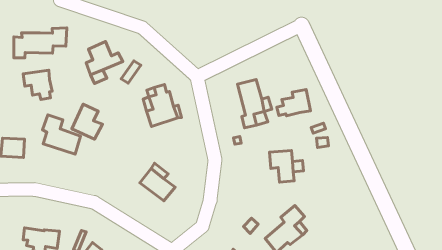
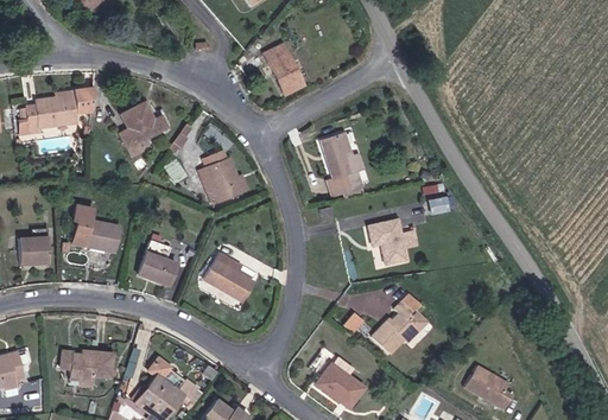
building: none -> [266,47,303,97]
building: [23,70,52,100] -> none
building: [277,89,311,116] -> none
building: [72,104,102,139] -> [138,241,177,285]

